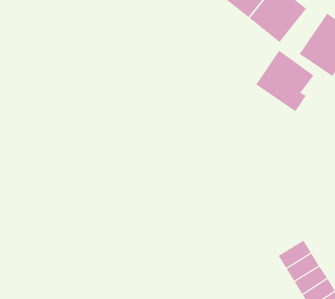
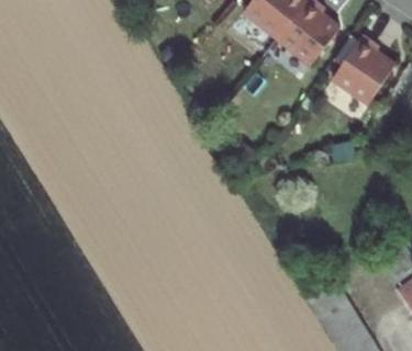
building: [255,50,314,112] -> none

